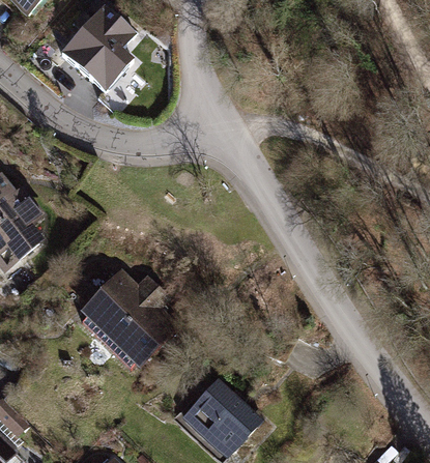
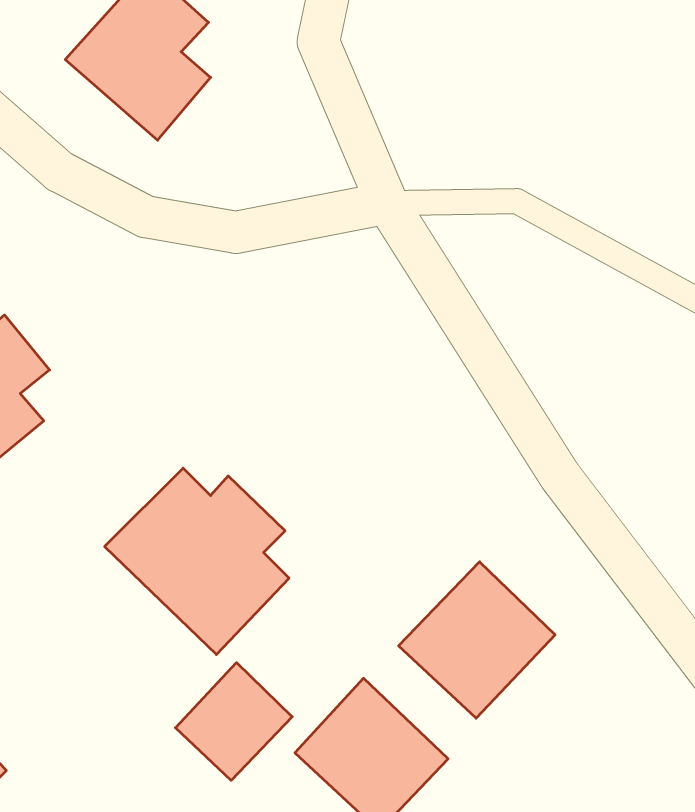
building: none -> [399,562,555,718]
building: none -> [175,663,292,780]

